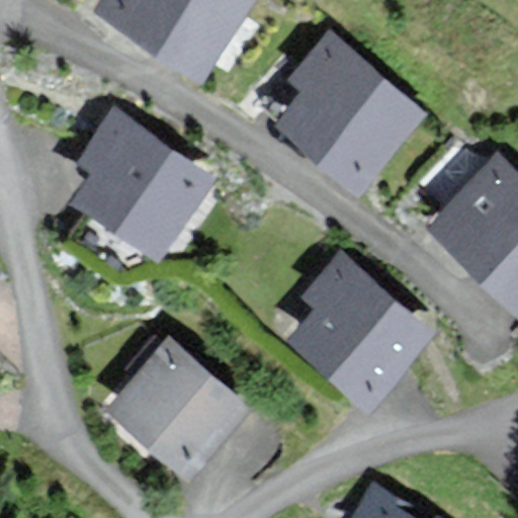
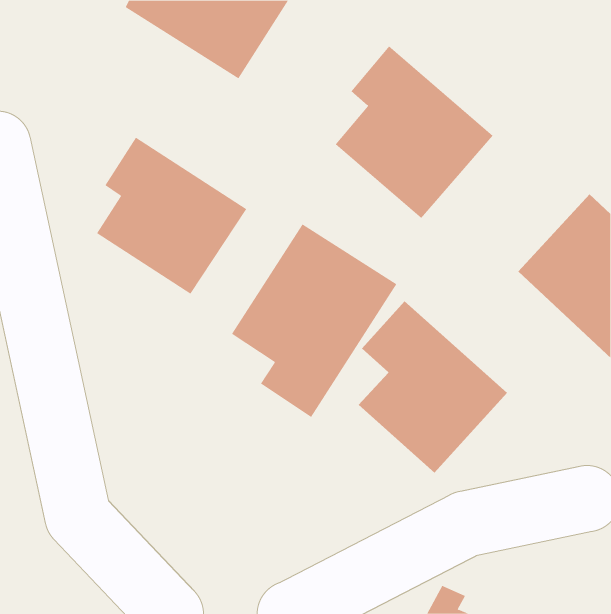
building: none -> [231,223,397,418]
building: [113,344,238,467] -> none

